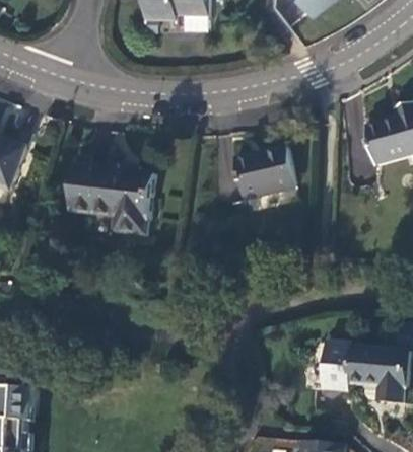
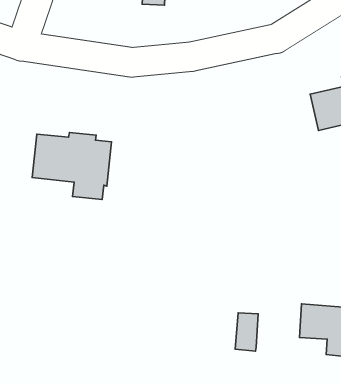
building: [234,144,295,198] -> none
building: [330,348,354,388] -> [235,313,258,351]

